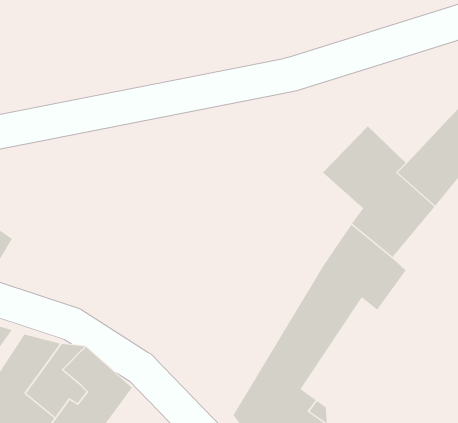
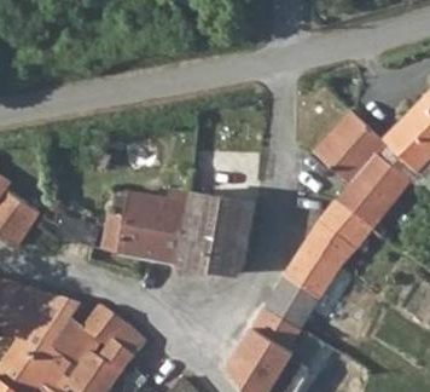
building: none -> [101,191,255,271]

